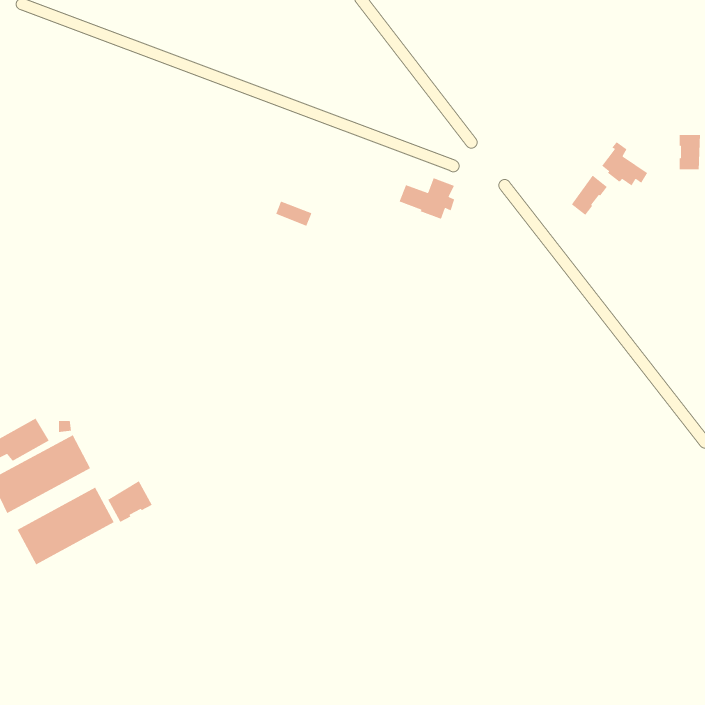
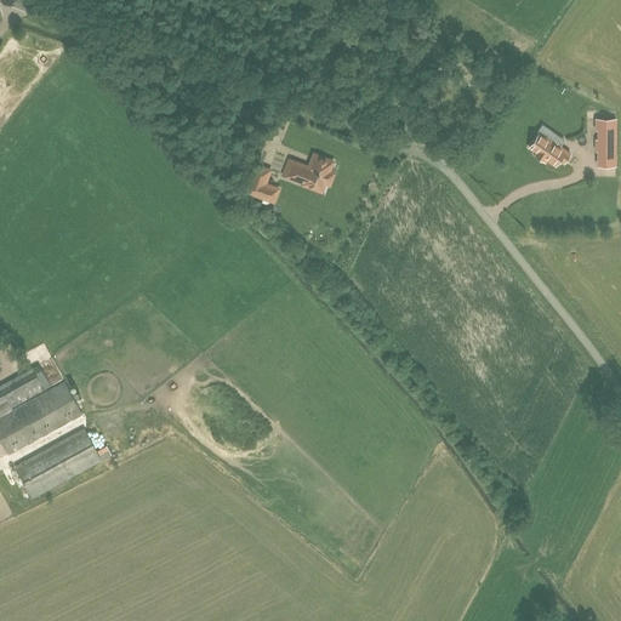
building: [571,175,608,216] -> none
building: [399,177,455,220] -> [283,153,332,190]
building: [107,480,153,523] -> none

